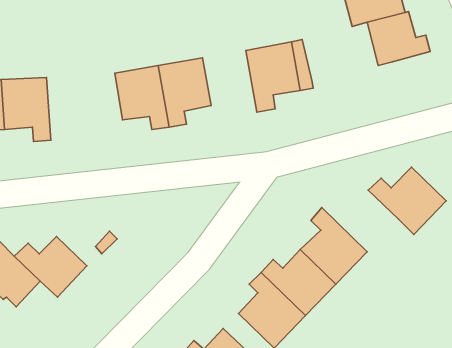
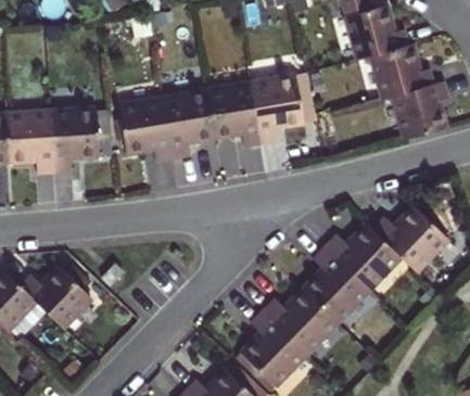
building: none -> [395,82,450,141]
building: none -> [206,84,261,148]
building: none -> [50,107,97,174]
building: none -> [326,218,403,285]

